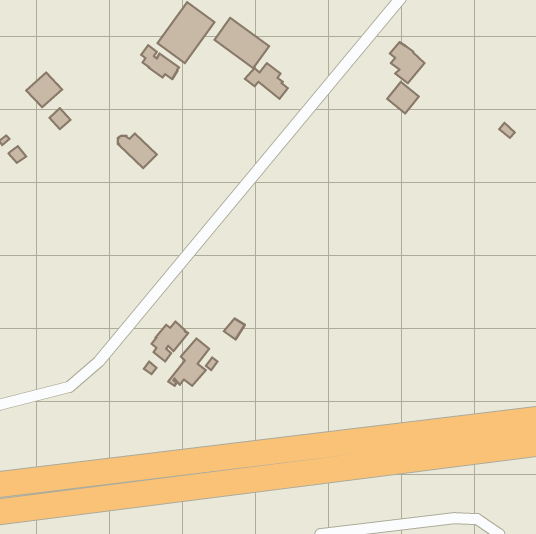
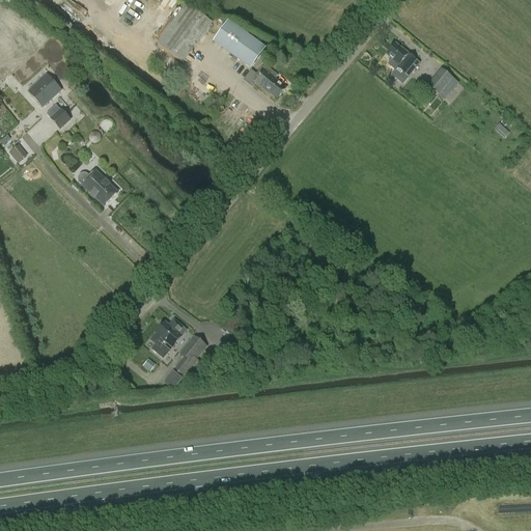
building: [141,45,179,79] -> none
building: [387,82,419,113] -> [426,67,457,99]
building: [118,134,157,168] -> [78,170,116,204]

